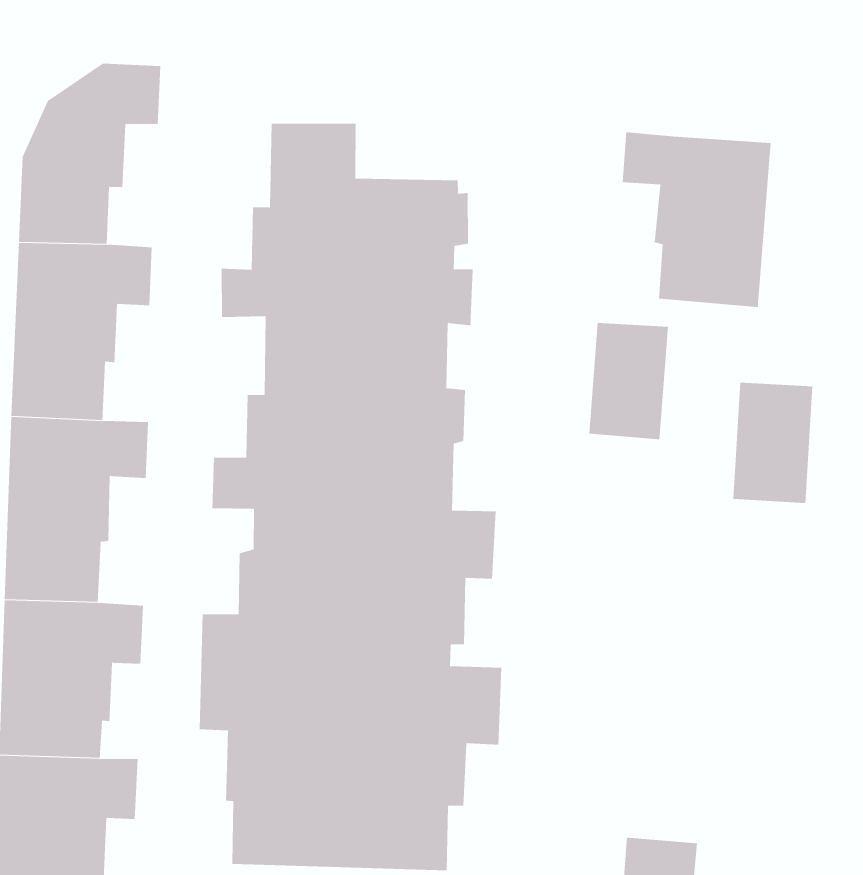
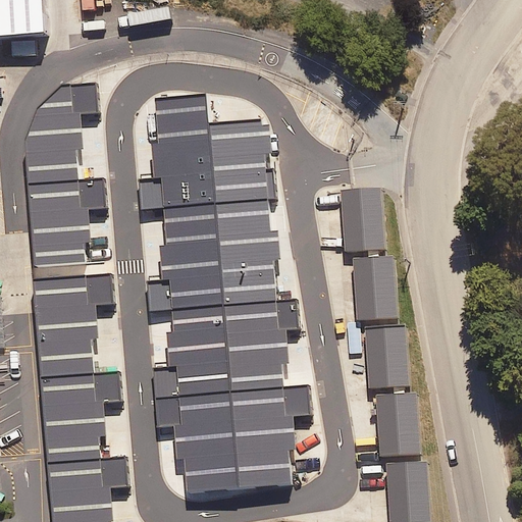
building: [622,132,771,308] -> none
building: [732,382,813,503] -> [354,256,397,321]
building: none -> [365,325,409,389]
building: none -> [376,394,420,457]

